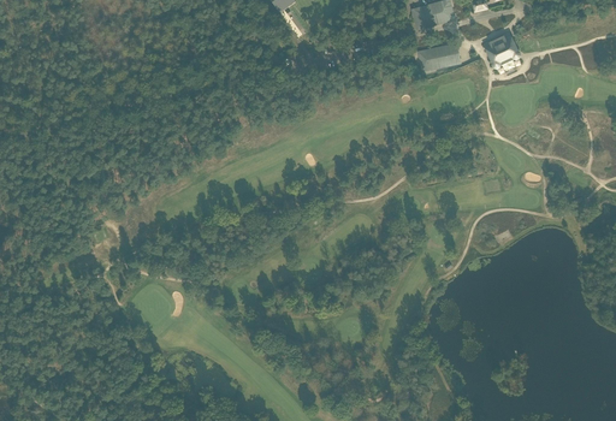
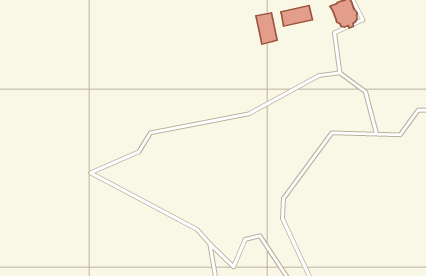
building: none -> [256,13,277,44]

